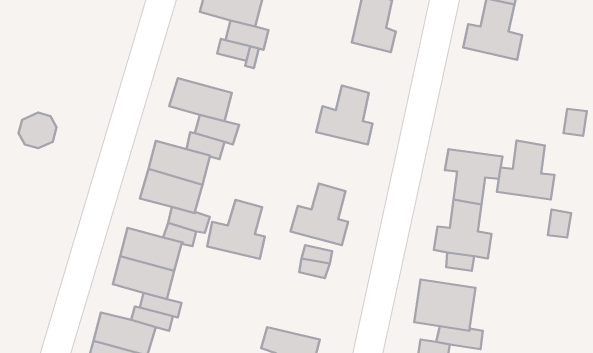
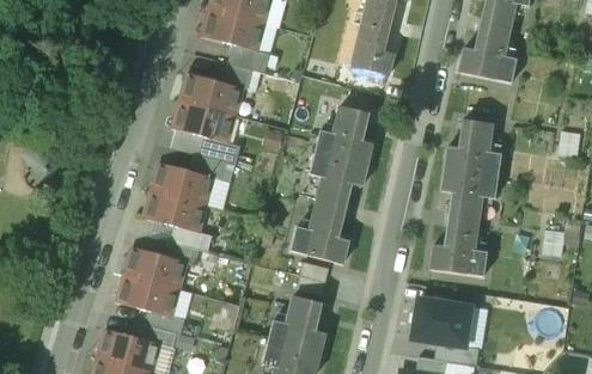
building: none -> [182,73,242,115]
building: none -> [312,153,367,210]
building: [497,140,555,199] -> [446,119,502,177]
building: [207,200,265,259] -> [269,298,325,355]

